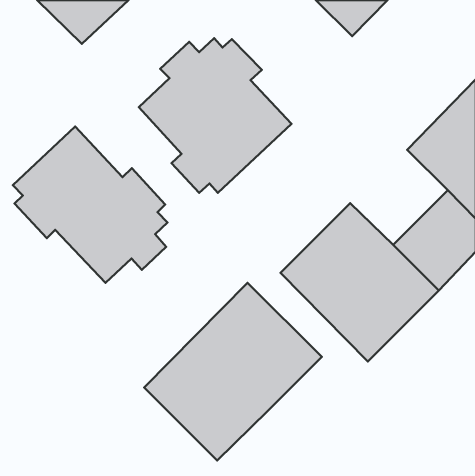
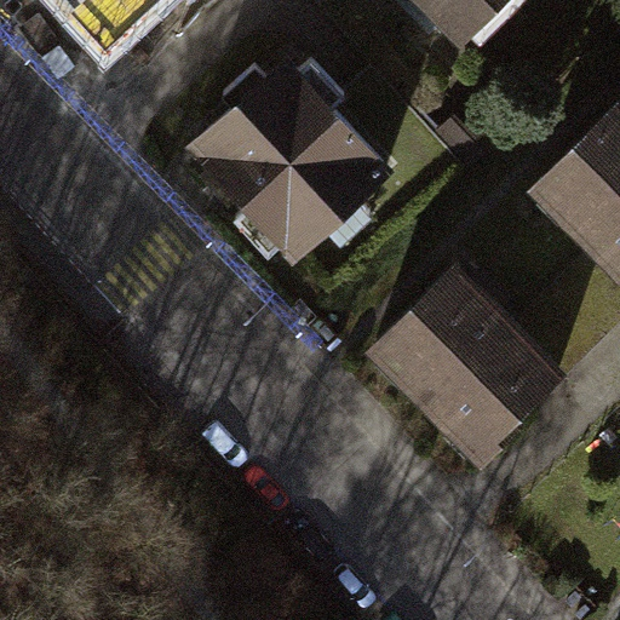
building: [13,127,168,283] -> none
building: [144,283,322,461] -> none

